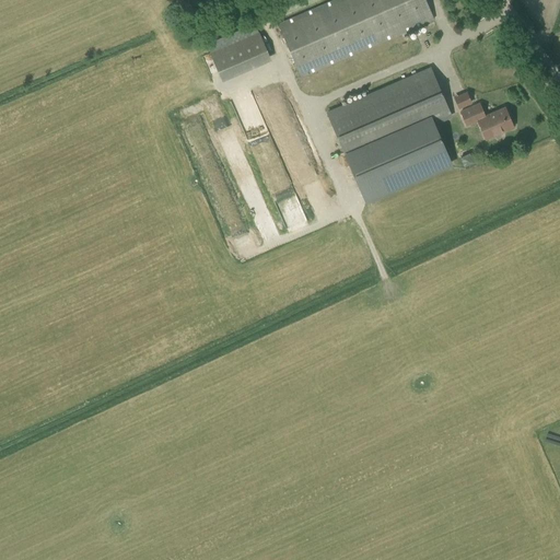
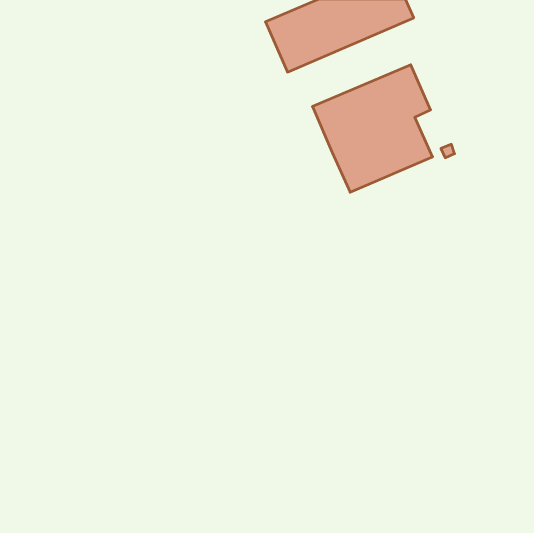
building: [210,32,269,77] -> none
building: [460,103,513,138] -> none

